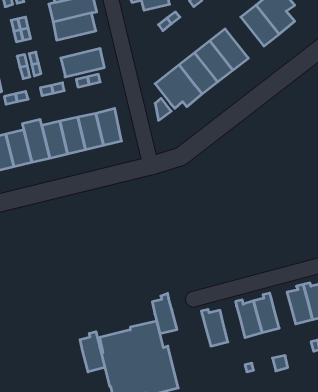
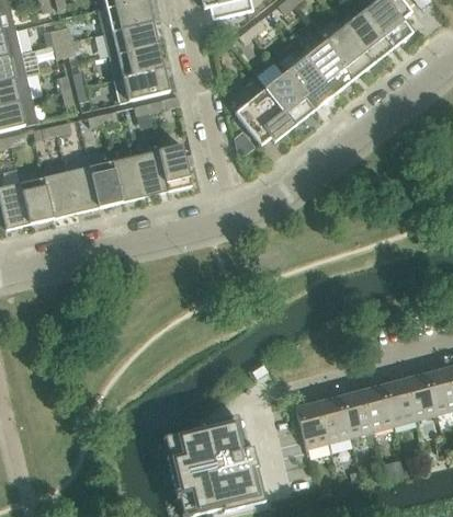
building: none -> [325,26,374,79]
building: none -> [109,44,165,79]
building: none -> [382,378,415,425]
building: [152,293,177,334] -> [318,391,350,443]
building: [80,332,105,372] -> none

